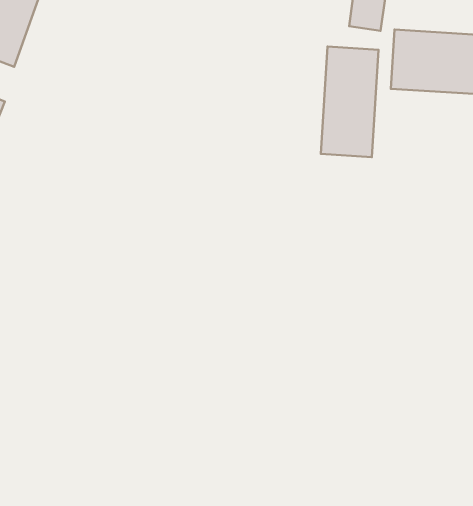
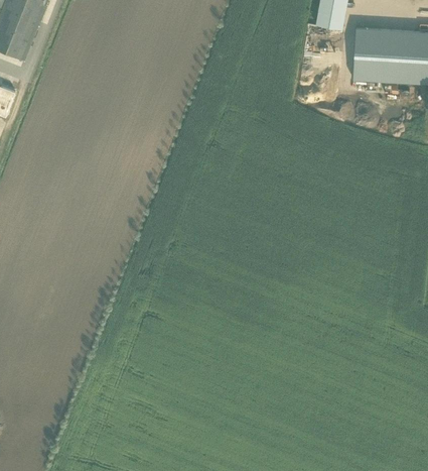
building: [321,47,379,157] -> none

